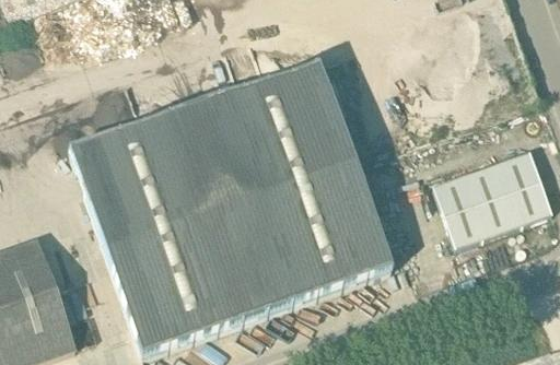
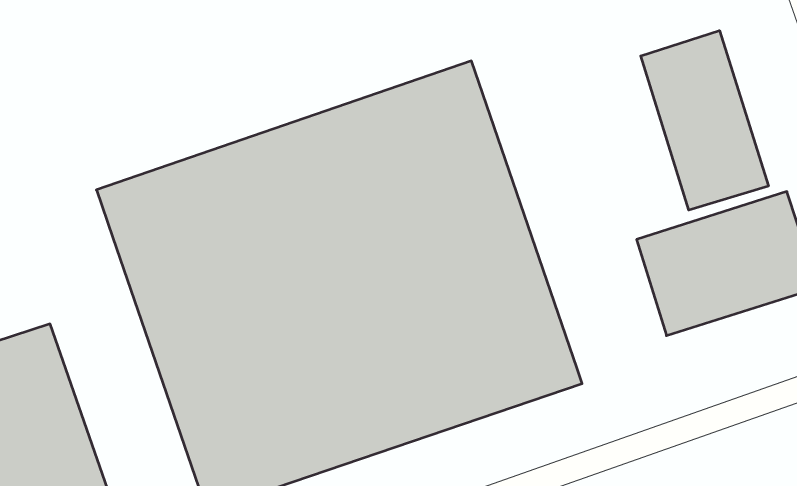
building: none -> [641,31,768,210]

